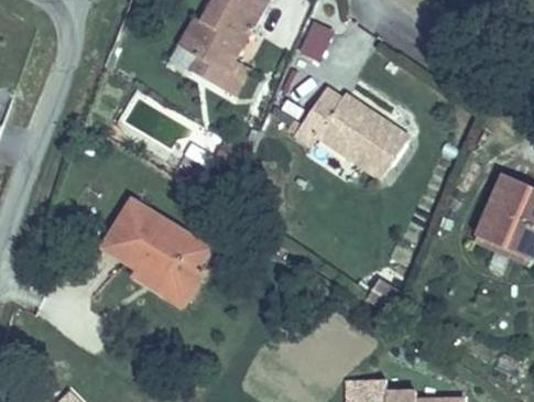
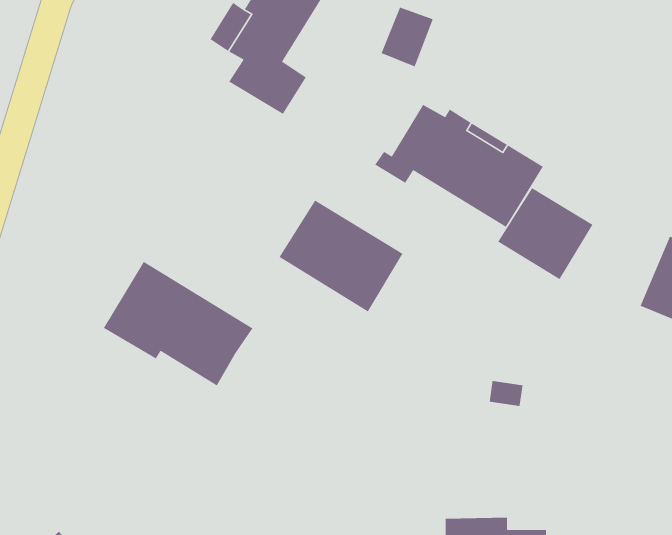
building: none -> [497,187,594,280]
building: none -> [278,200,403,312]
building: [135,263,209,307] -> none

